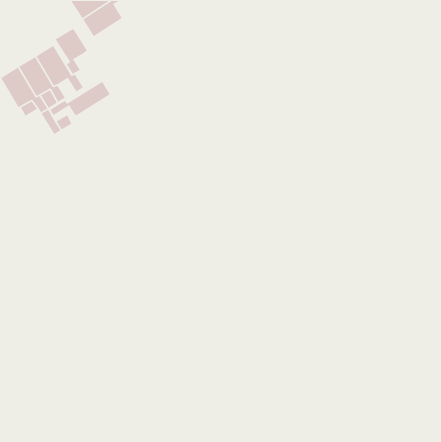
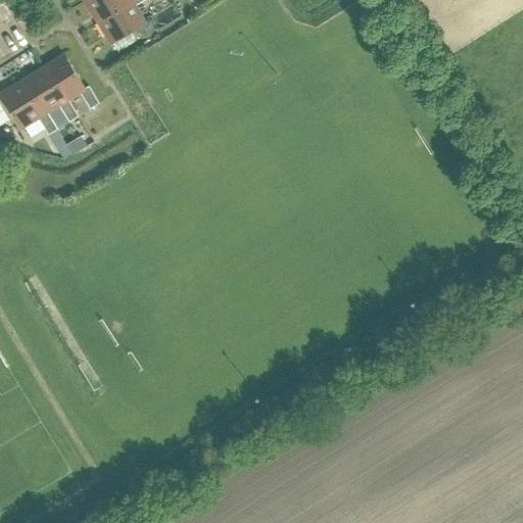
building: [55,28,88,75] -> none
building: [50,81,111,117] -> none

